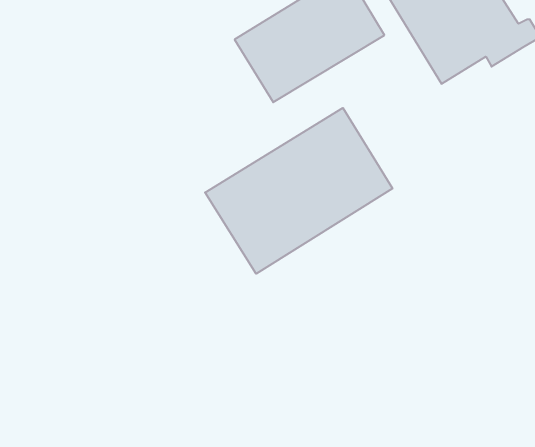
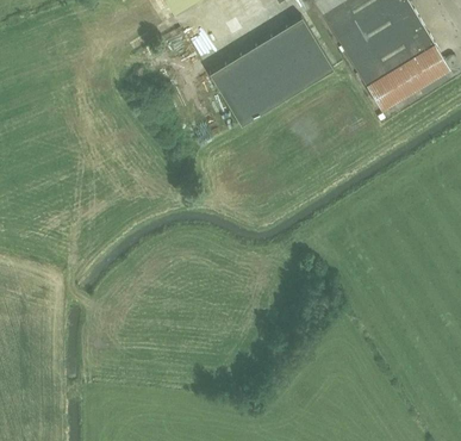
building: [205,108,392,274] -> none

